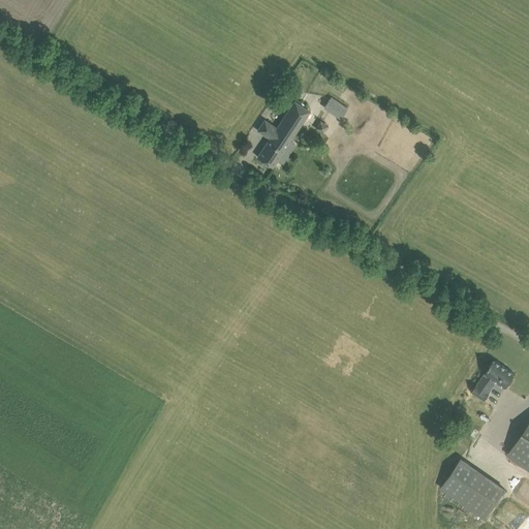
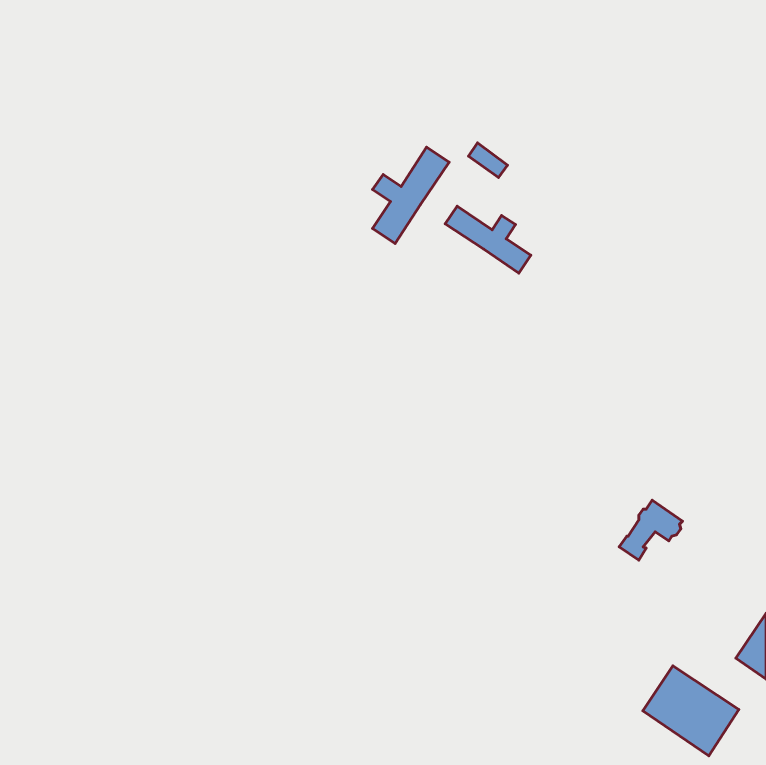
building: none -> [445,206,531,273]
building: [470,362,514,403] -> [619,500,682,560]

